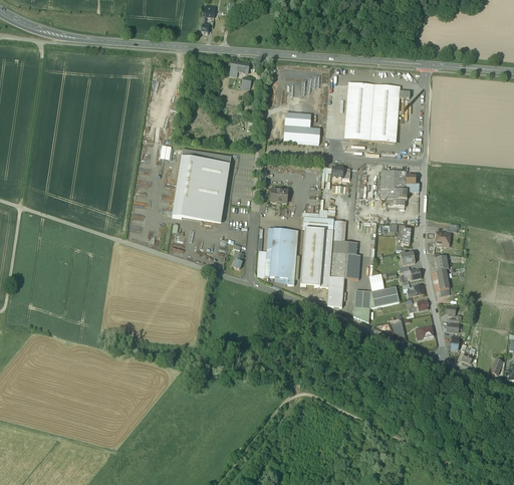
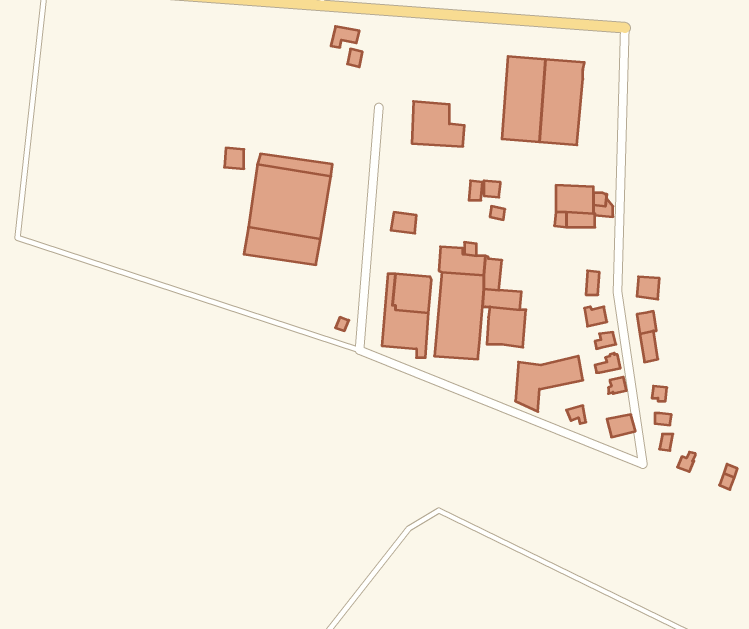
building: [326,275,344,305] -> none

